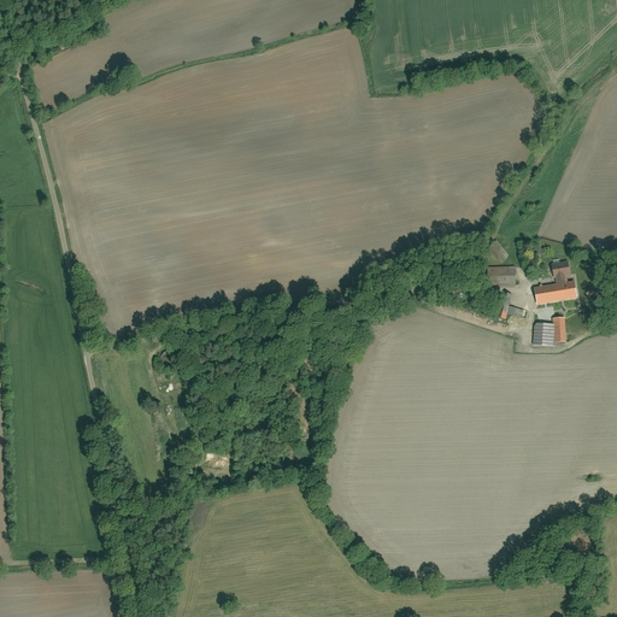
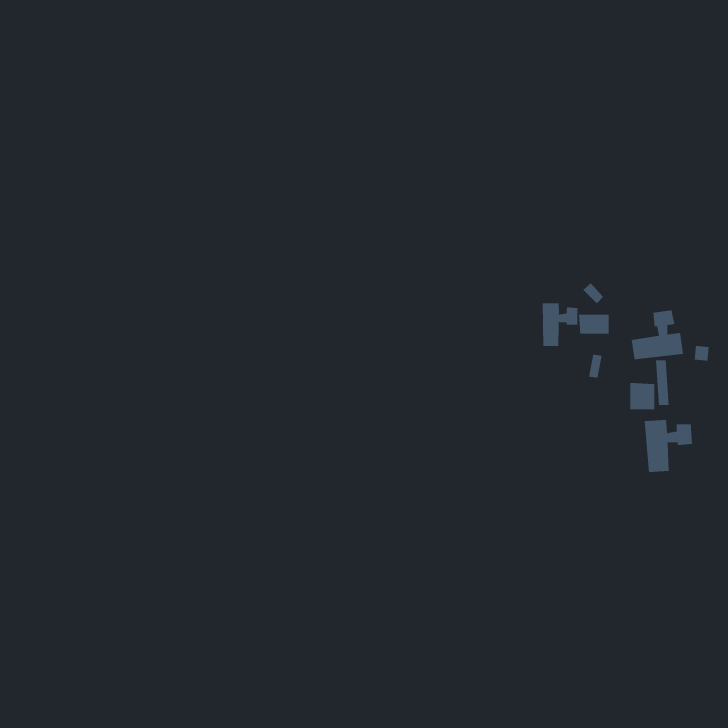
building: none -> [542,303,578,347]
building: none -> [644,419,692,473]

